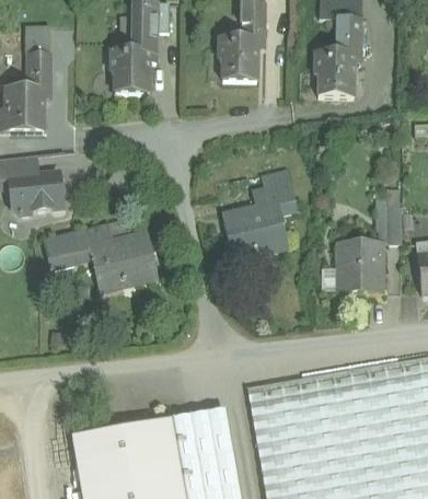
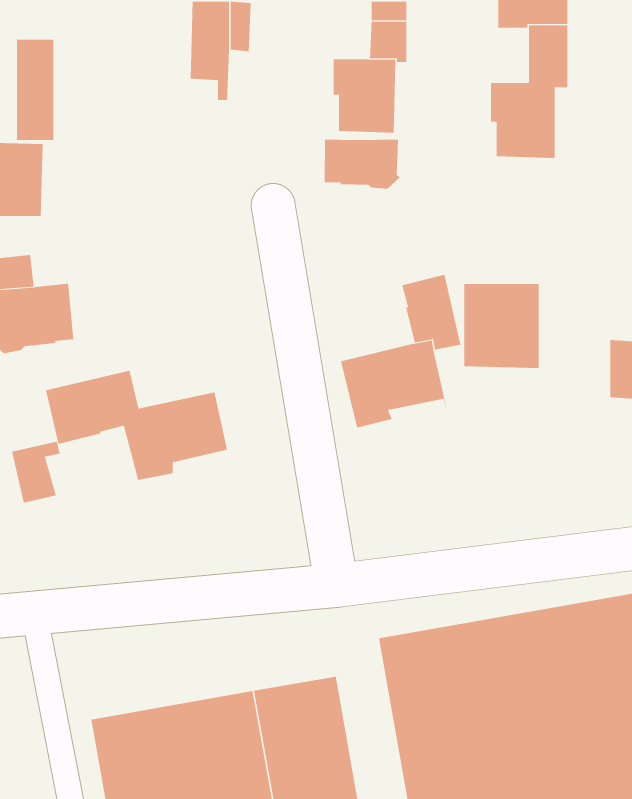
building: [111,48,149,93] -> none
building: none -> [324,139,401,190]
building: [337,241,383,292] -> [463,283,539,368]
building: none -> [11,441,60,503]

